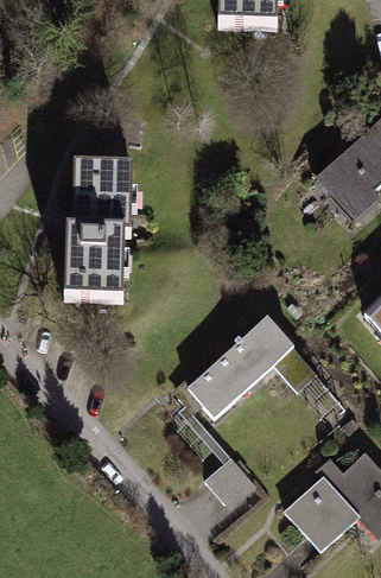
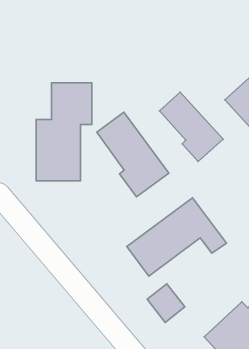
building: none -> [160,92,223,161]
building: none -> [97,112,169,197]

